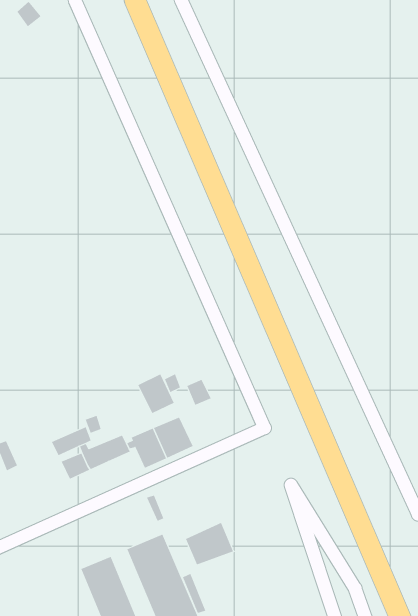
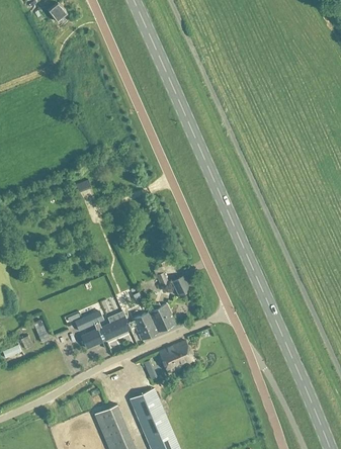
building: [137,373,175,414] -> none
building: [185,522,234,565] -> [158,341,193,372]

